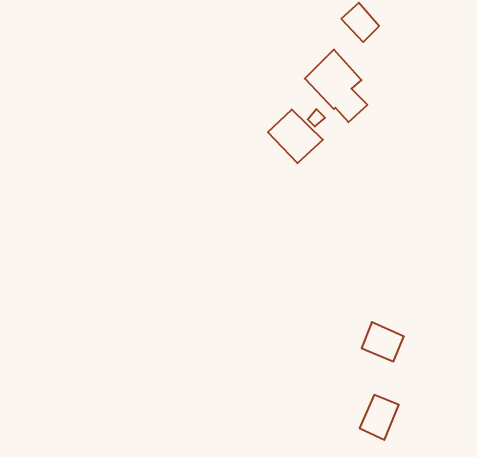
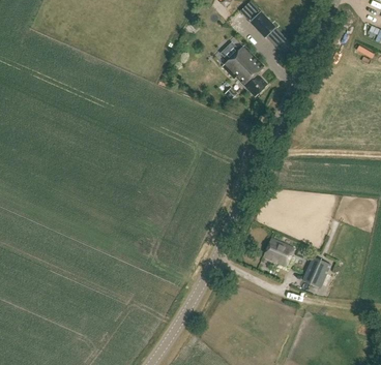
building: [268,109,323,163] -> none
building: [360,395,399,440] -> [302,256,330,288]

